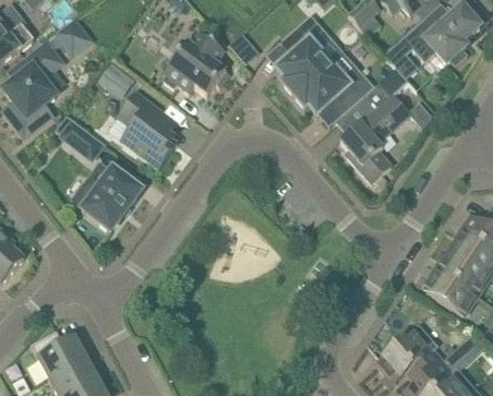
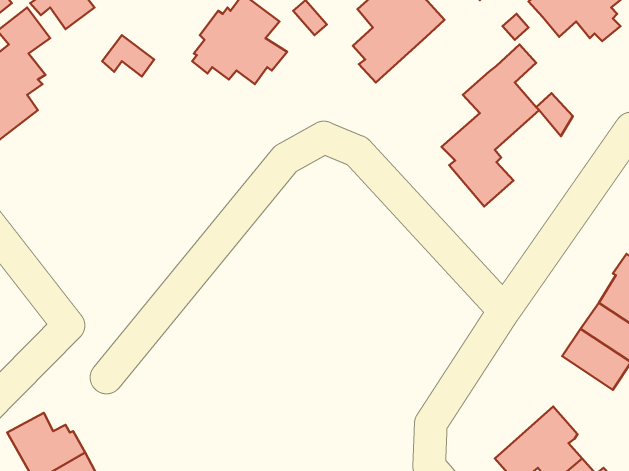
building: [293,50,374,115] -> none
building: [119,93,178,168] -> none
building: [55,116,104,158] -> none
building: [73,168,142,231] -> none

